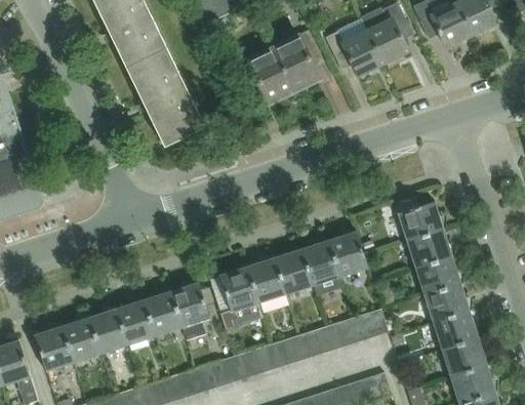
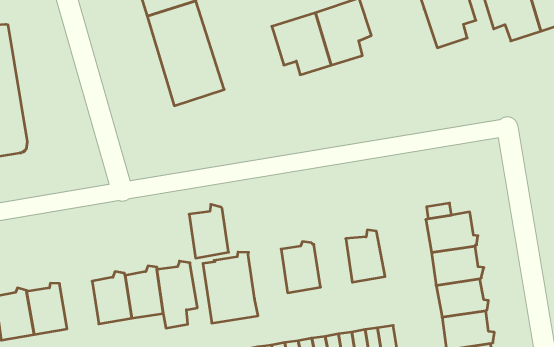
building: [327,32,383,76] -> none
building: [302,238,344,295] -> none
building: [247,255,286,303] -> [189,204,229,258]
building: [88,308,127,354] -> none

